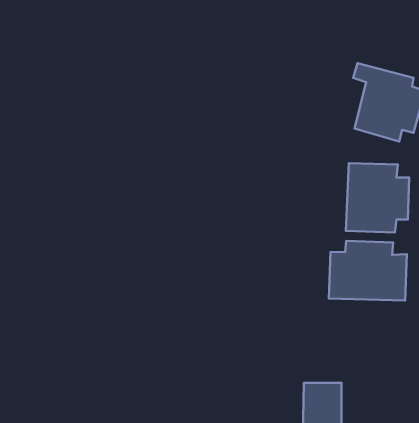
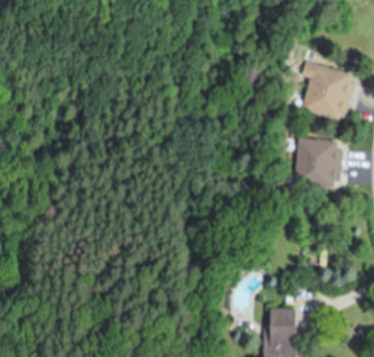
building: [329,241,407,301] -> none

